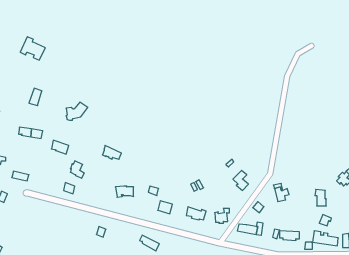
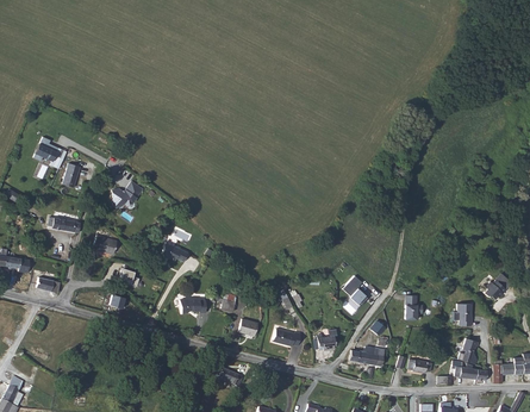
building: [20,37,45,60] -> [32,136,67,168]

